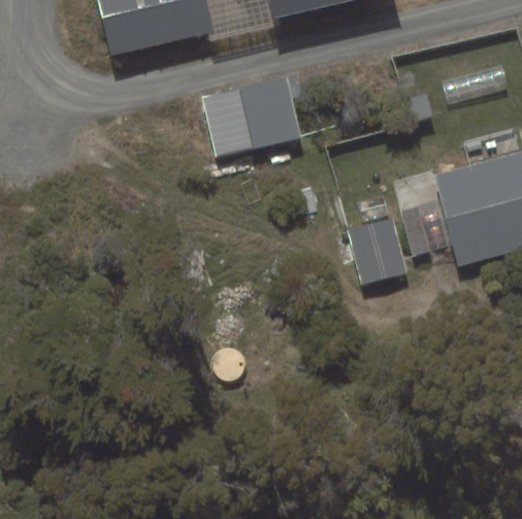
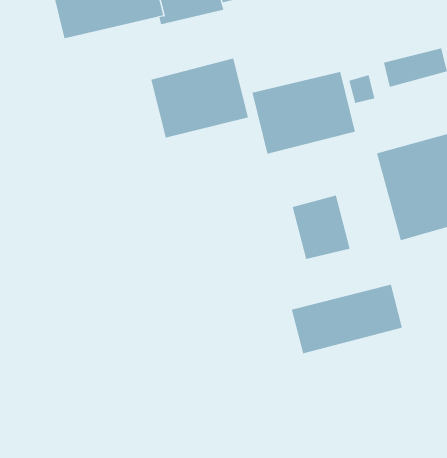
building: none -> [252,71,355,154]
building: none -> [291,284,402,354]

